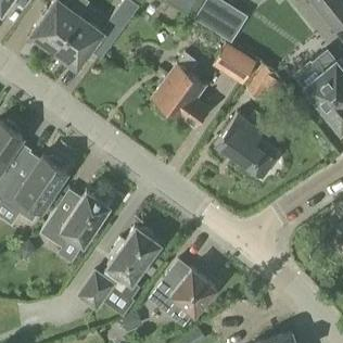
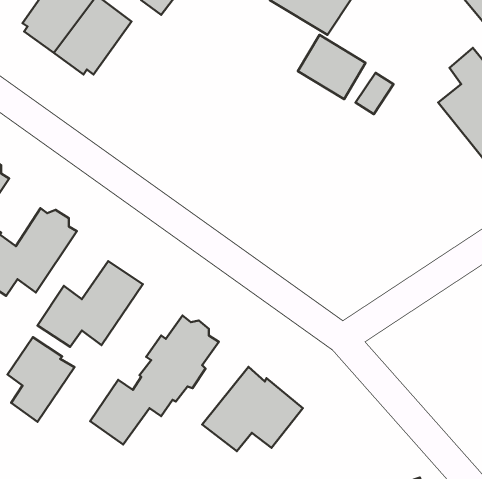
building: [153,54,209,128] -> none
building: [216,114,277,179] -> none
building: none -> [8,337,74,422]

